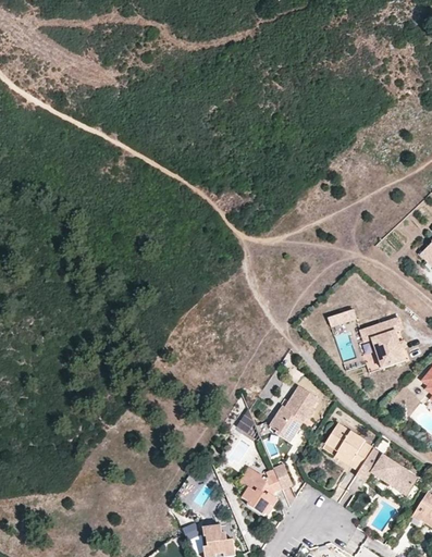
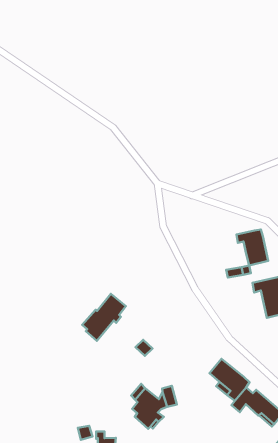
building: none -> [237,229,268,265]
building: [270,385,318,442] -> [82,294,126,341]

